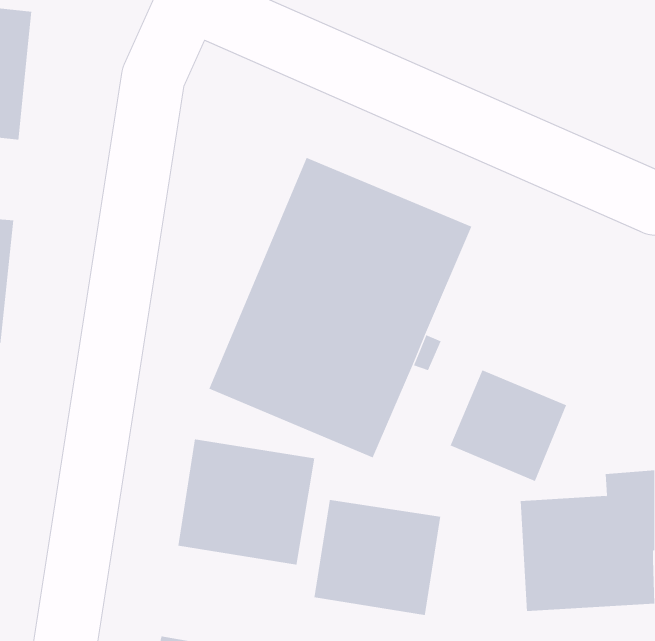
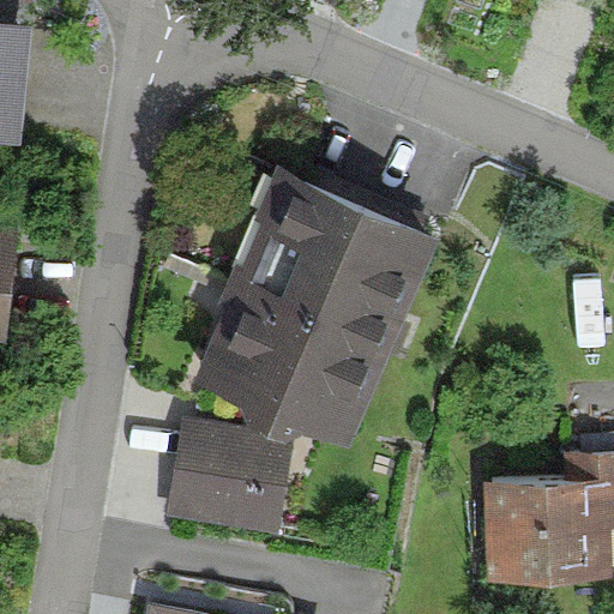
building: [450,369,567,482] -> none
building: [314,499,441,616] -> none

